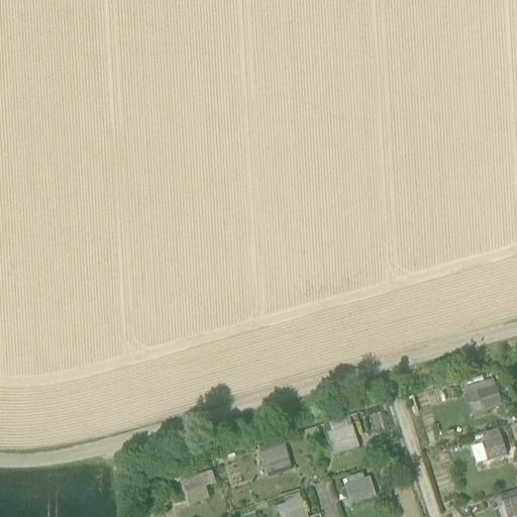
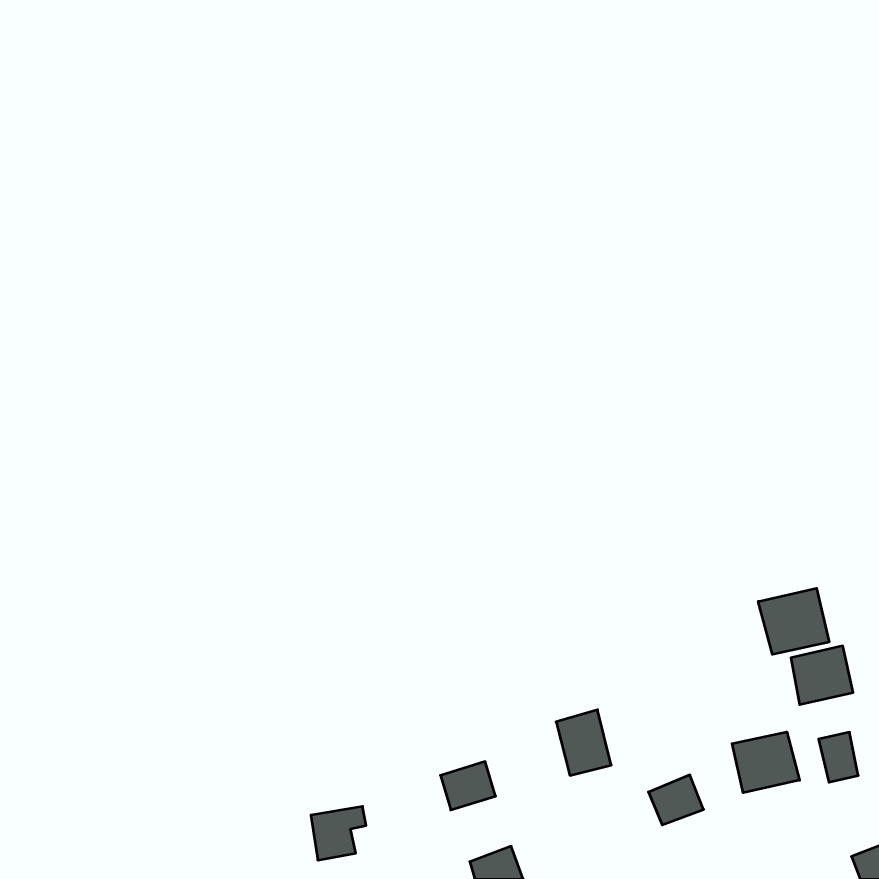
building: none -> [758,588,829,654]
building: none -> [732,732,800,793]
building: [342,470,375,499] -> [648,775,704,825]

